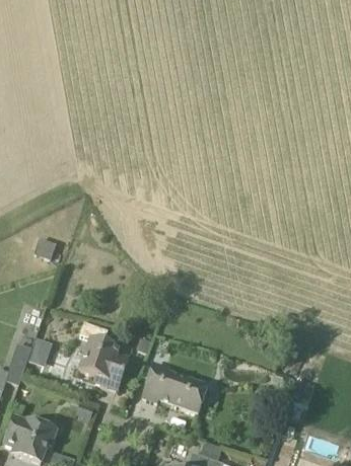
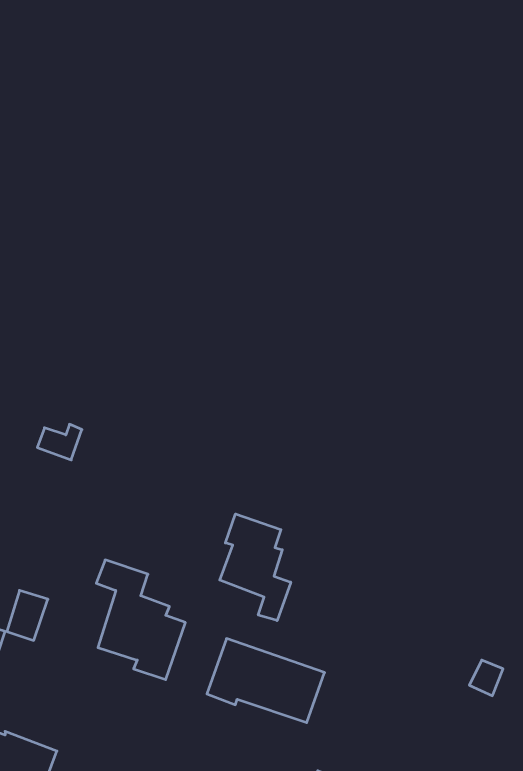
building: none -> [220,514,291,621]

